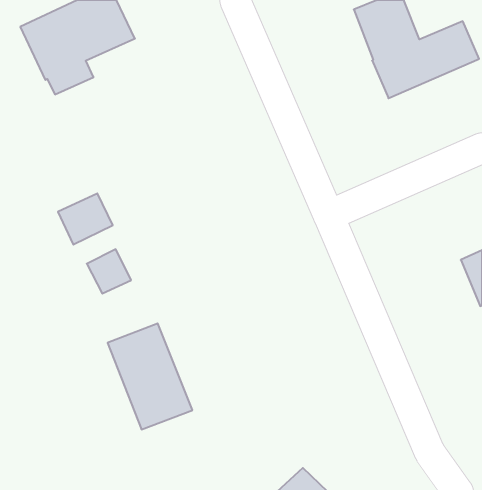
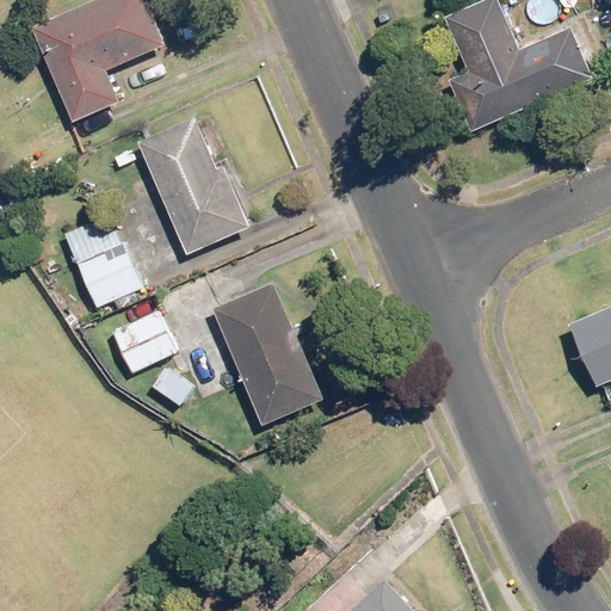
building: none -> [141,118,242,248]
building: [108,323,192,429] -> [217,292,322,424]

